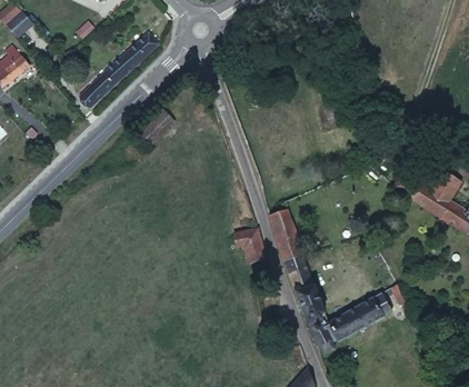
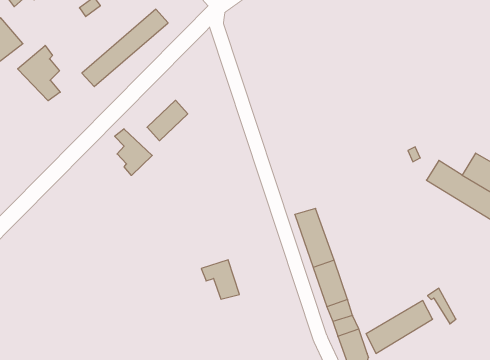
building: none -> [18,45,60,101]
building: none -> [115,129,152,175]
building: [233,229,268,265] -> [201,260,239,299]

